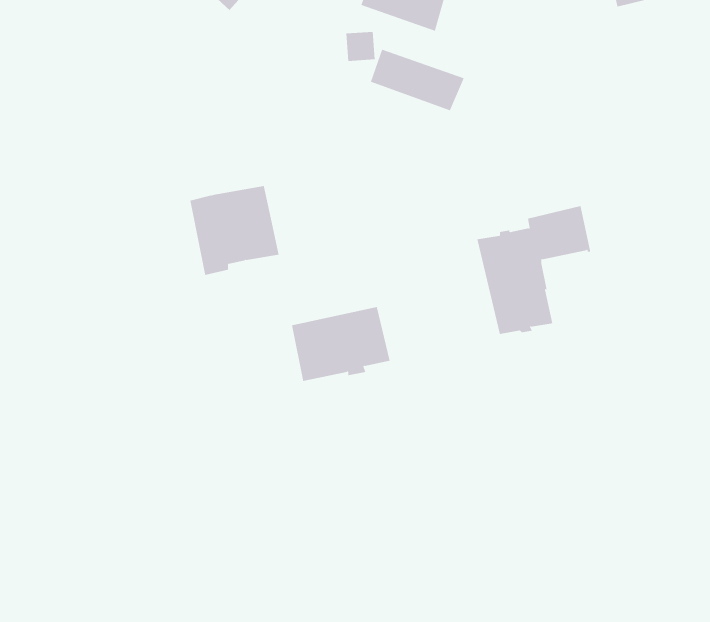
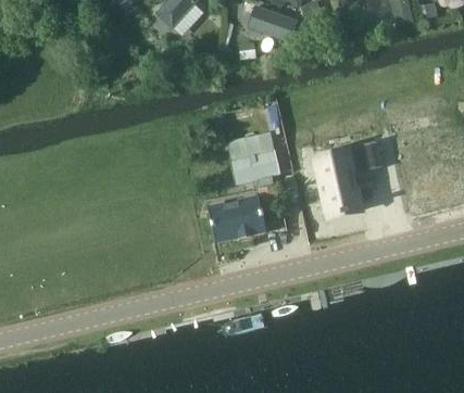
building: [370,49,465,111] -> none
building: [190,186,279,275] -> [227,131,279,183]

